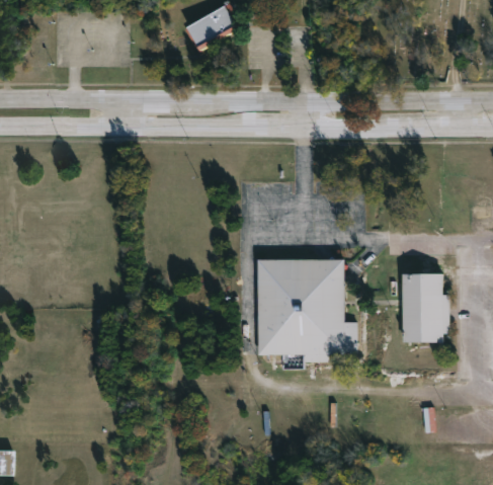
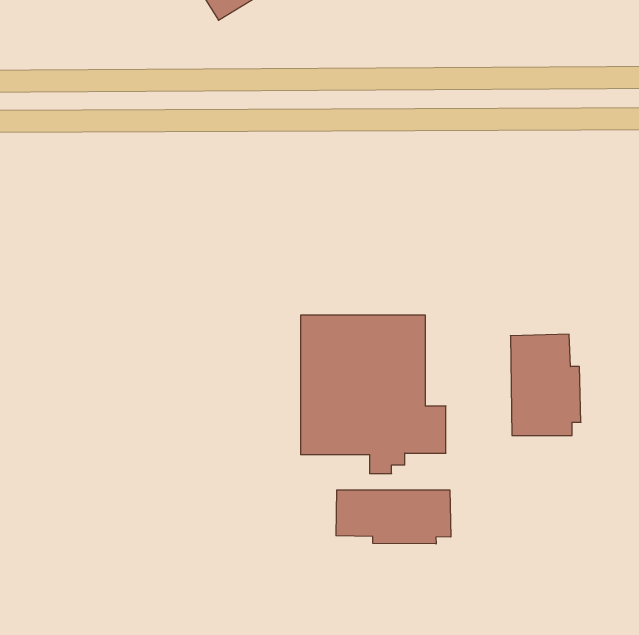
building: none -> [336,490,451,544]

